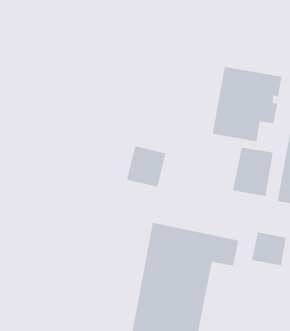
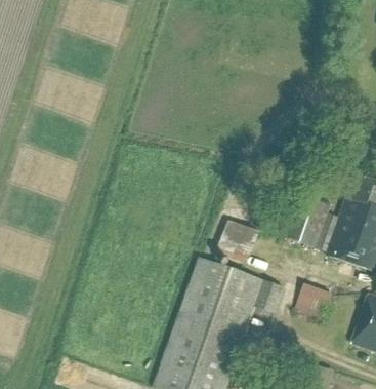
building: [212,66,282,142] -> none
building: [126,146,166,187] -> [213,219,257,264]

